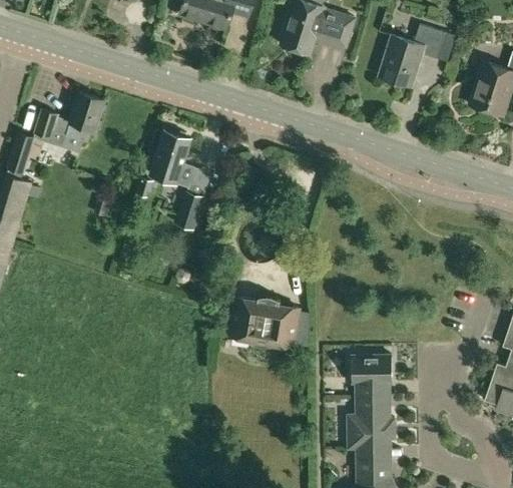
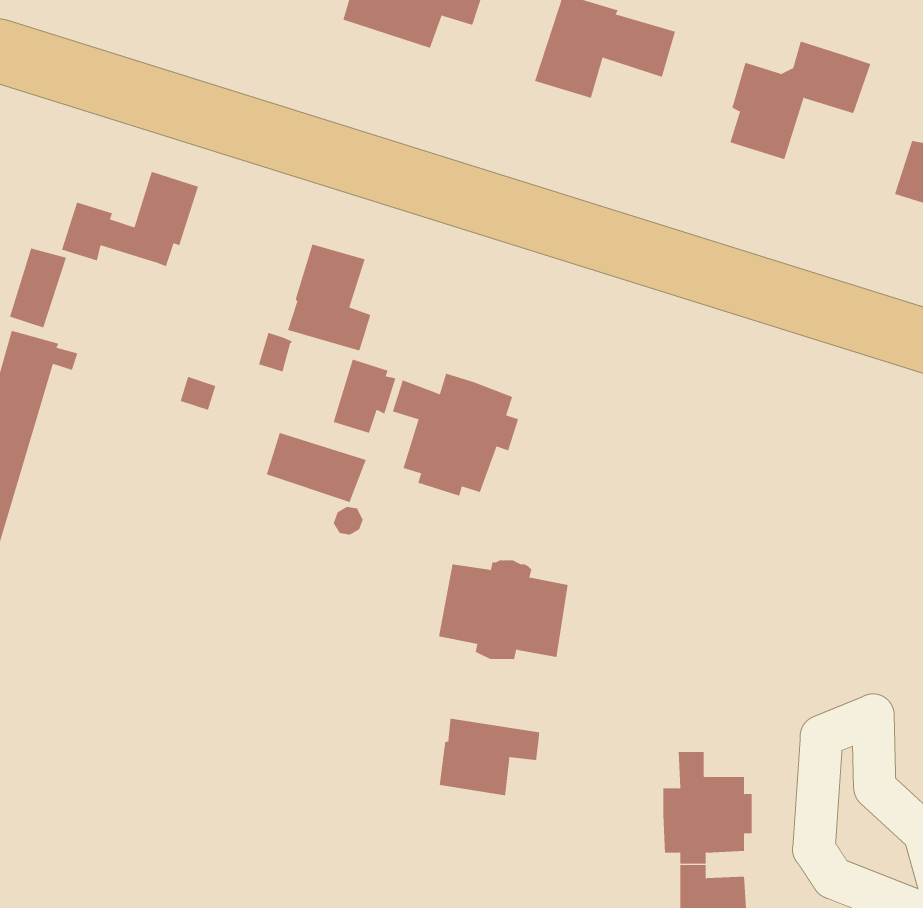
building: none -> [392,373,519,496]
building: none -> [266,432,366,503]
building: [352,355,393,396] -> none
building: none -> [439,718,540,796]

